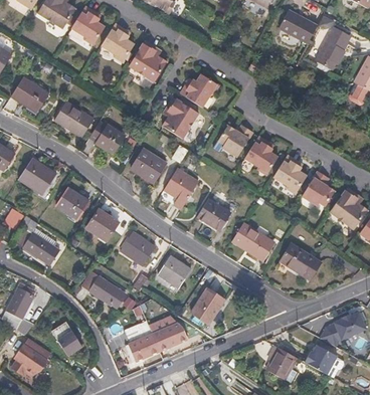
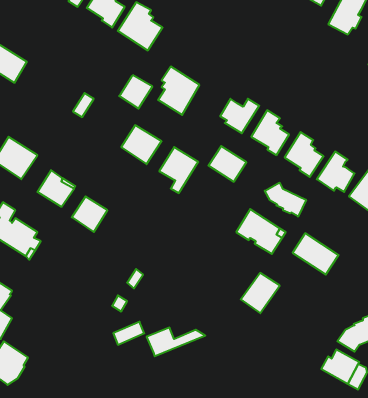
building: [180,72,220,108] -> none
building: [53,100,94,137] -> none
building: [96,124,125,153] -> [119,75,152,109]
building: none -> [265,183,306,217]
building: [197,198,230,229] -> [208,146,246,182]
building: [121,232,157,265] -> none
building: [160,256,192,287] -> none
building: [86,273,119,303] -> none
building: [192,287,226,323] -> [241,273,280,313]
building: [51,320,82,354] -> none
building: [126,333,159,358] -> none
building: [266,345,298,380] -> none

